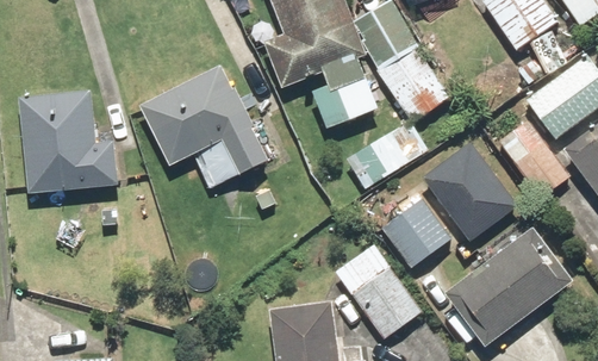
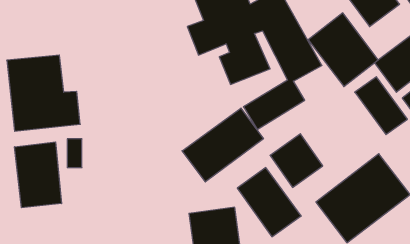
building: [137,63,270,178] -> none
building: [422,142,518,243] -> [308,13,378,87]
building: none -> [182,108,263,182]
building: none -> [15,142,62,208]

